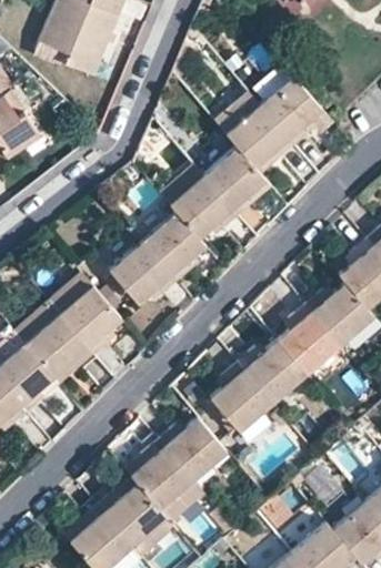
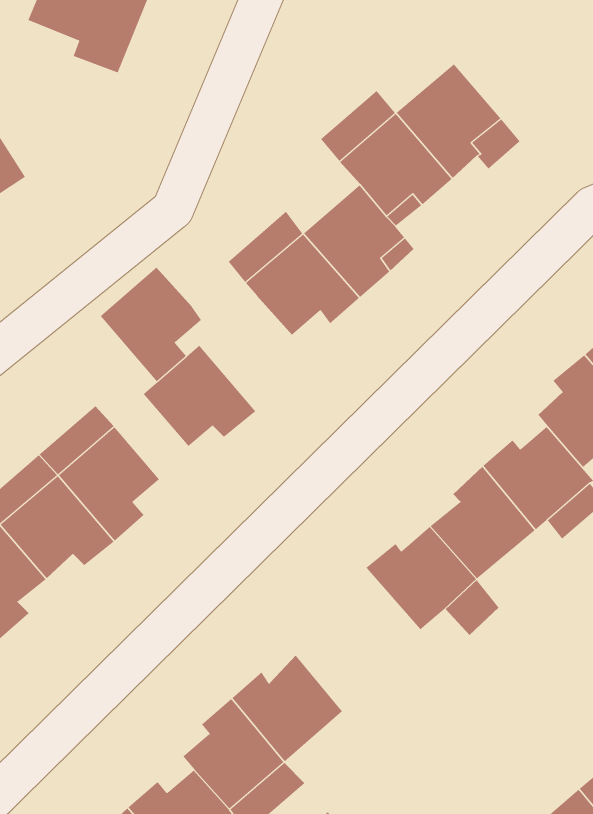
building: [142,209,202,276] -> [100,267,202,382]
building: [212,368,272,433] -> none

